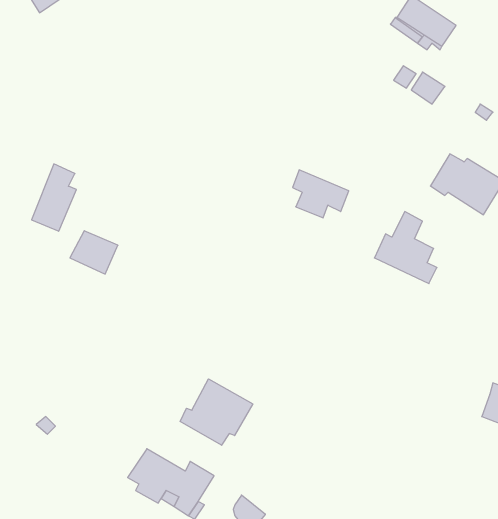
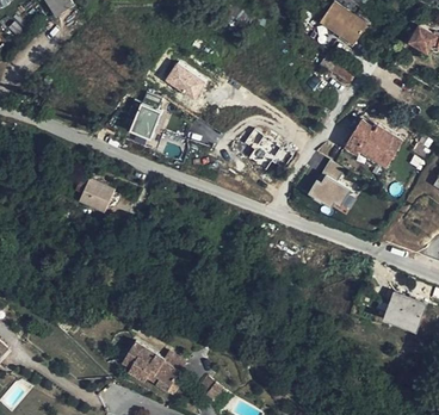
building: none -> [163,63,206,101]
building: [32,164,76,231] -> [128,92,161,142]
building: [180,379,253,445] -> none

